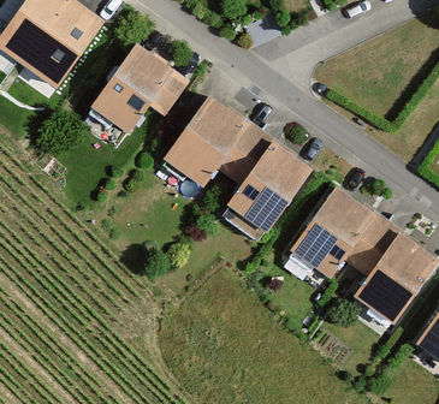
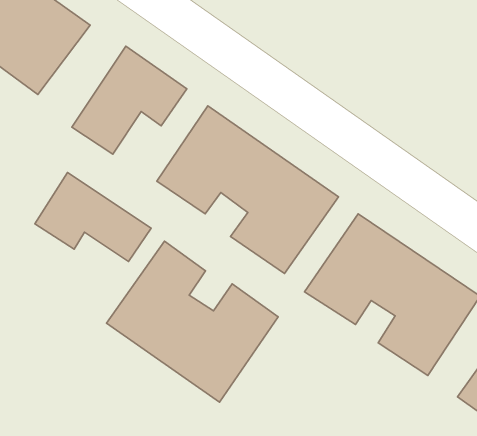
building: none -> [35,172,151,262]
building: none -> [106,241,278,402]

